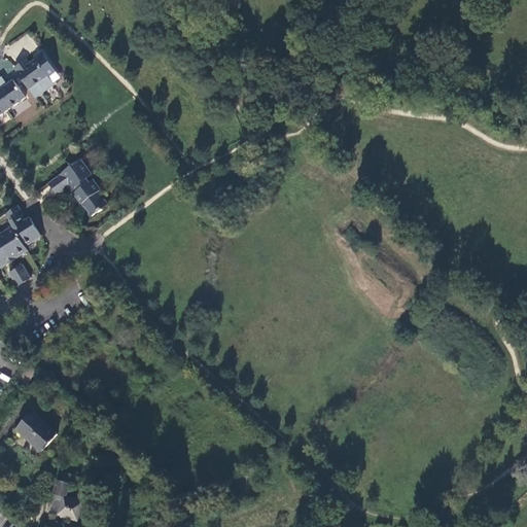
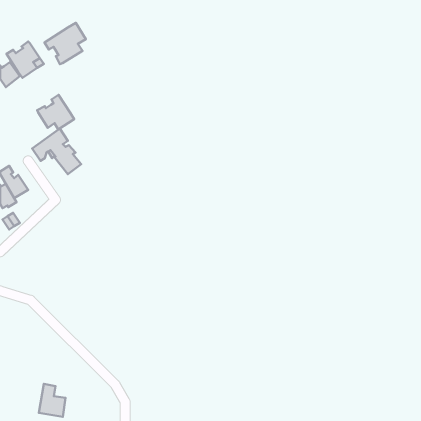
building: none -> [44,23,86,64]
building: none -> [37,95,74,129]
building: [15,408,61,449] -> none

